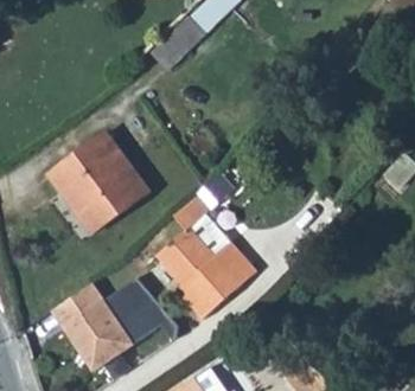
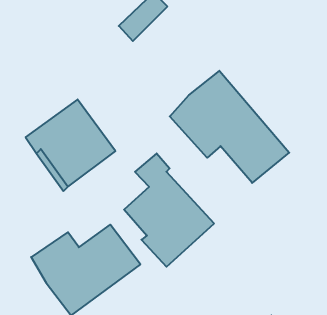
building: none -> [170,71,289,183]

